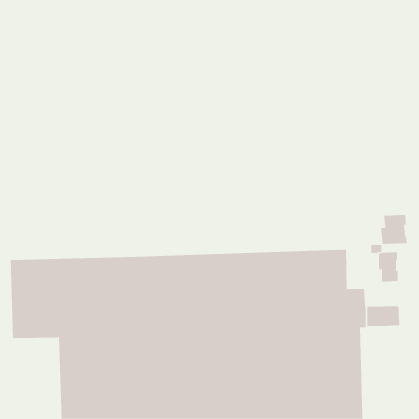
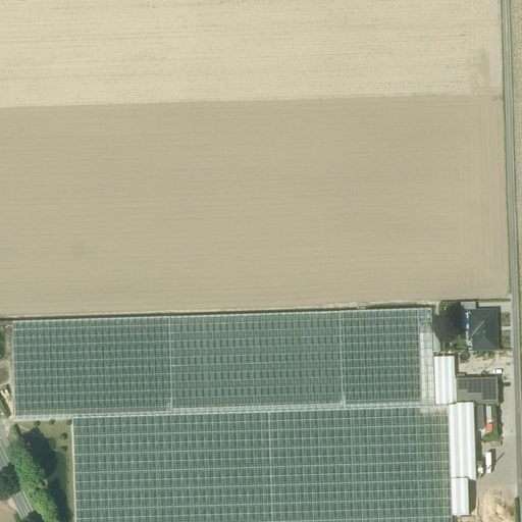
building: [381,214,407,245] -> none
building: none -> [449,406,476,517]

